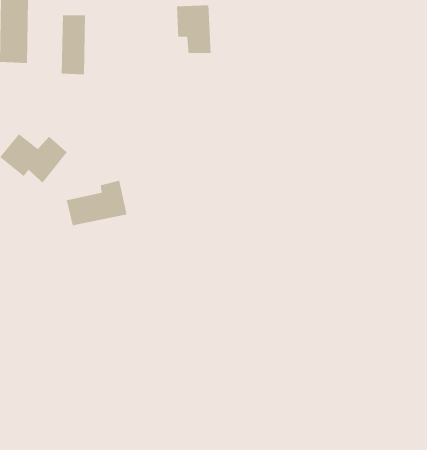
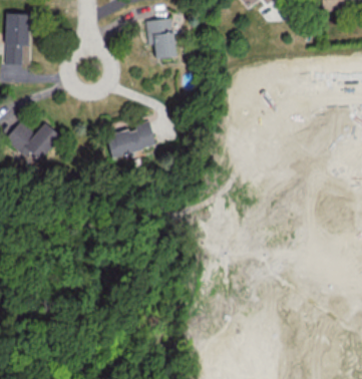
building: [61,14,86,75] -> none
building: [66,180,127,226] -> [107,118,156,155]

